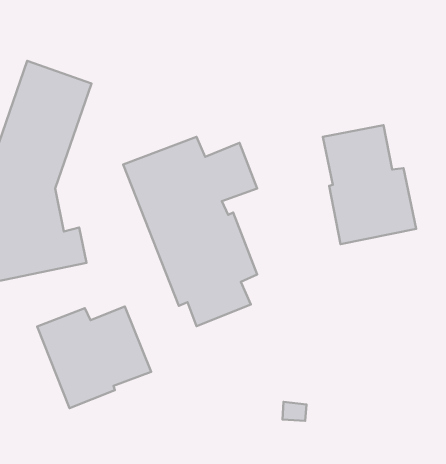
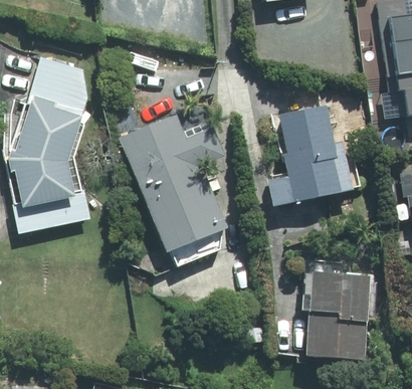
building: [37,306,151,408] -> none
building: none -> [304,271,372,359]

